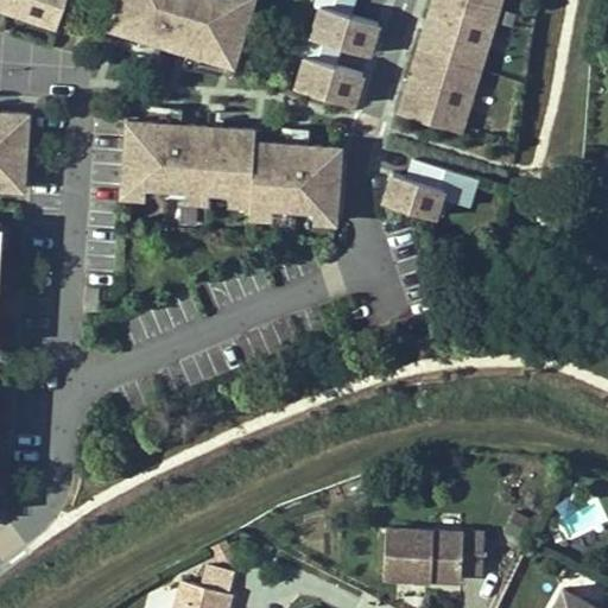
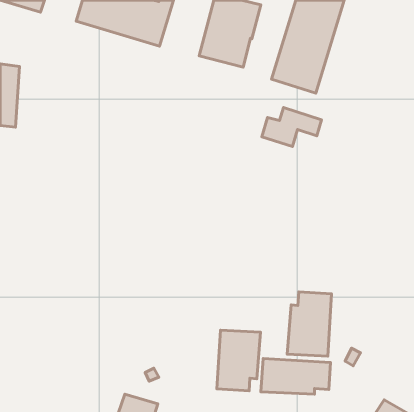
building: [121,107,340,222] -> none
building: none -> [287,292,331,356]
building: none -> [217,330,260,391]

